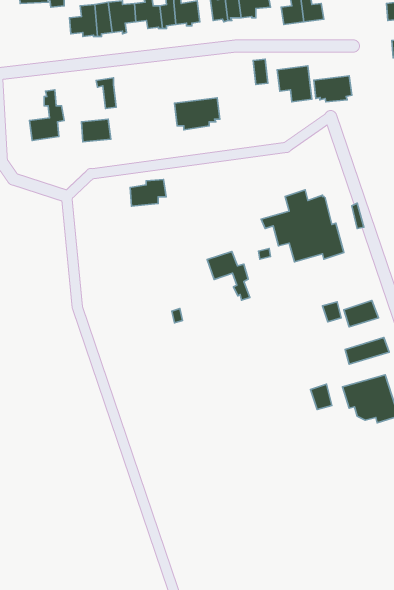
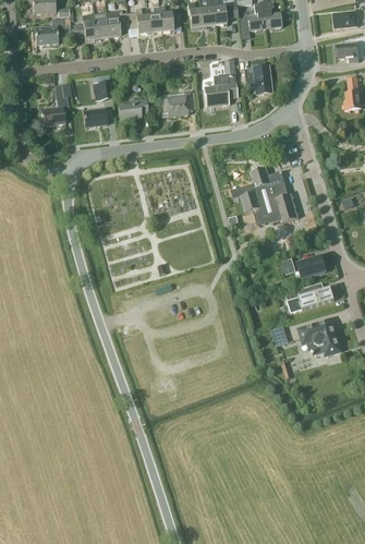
building: none -> [34,19,63,45]
building: [314,76,352,102] -> none
building: none -> [203,81,236,107]
building: [130,180,166,206] -> [118,98,147,120]
building: [207,251,250,300] -> none

